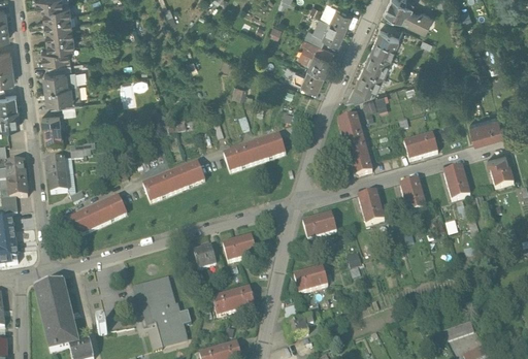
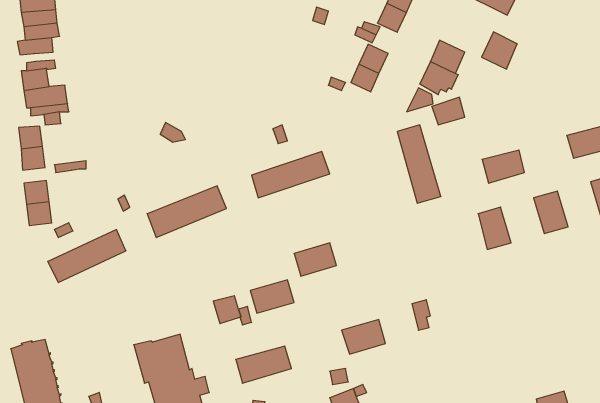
building: [370,29,398,58] -> [482,32,517,69]
building: [358,191,384,224] -> none
building: [303,213,336,238] -> [294,243,336,276]

